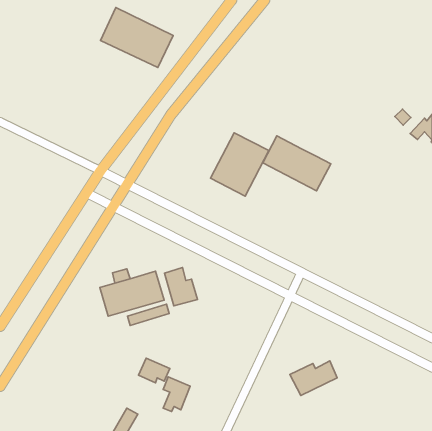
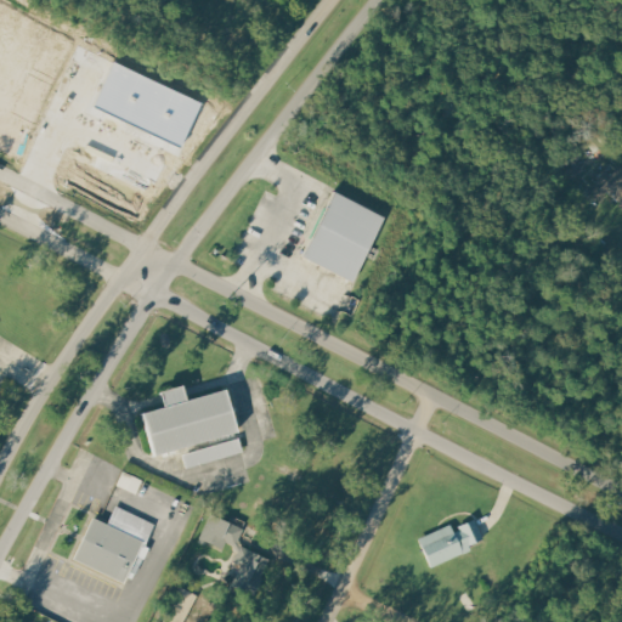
building: [100,8,173,68] -> [96,56,200,142]
building: [263,136,331,191] -> none
building: [164,267,197,306] -> none
building: none -> [73,507,152,584]

